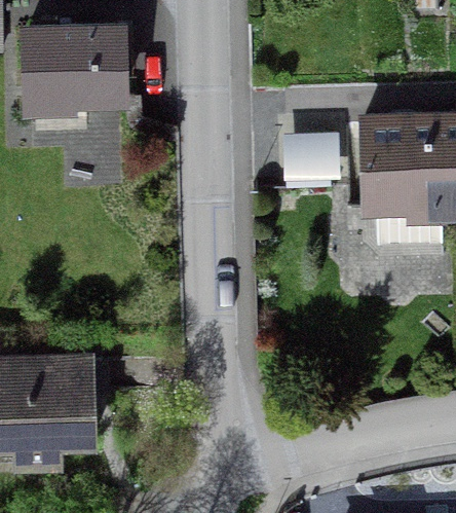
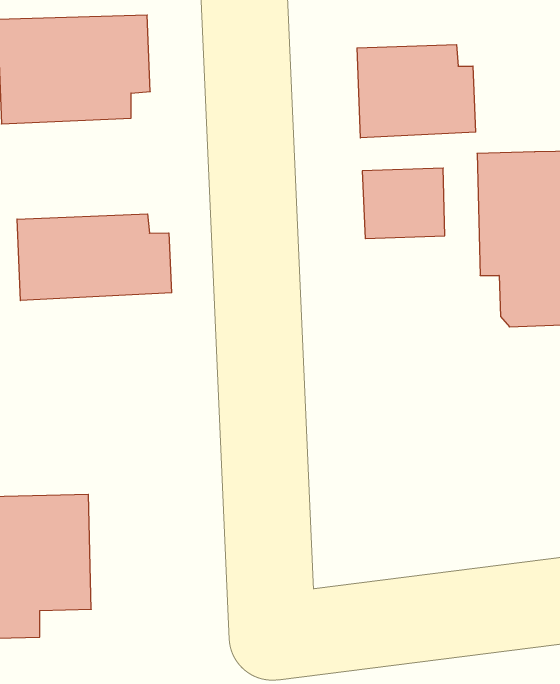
building: none -> [357,45,476,138]
building: none -> [17,214,172,301]

